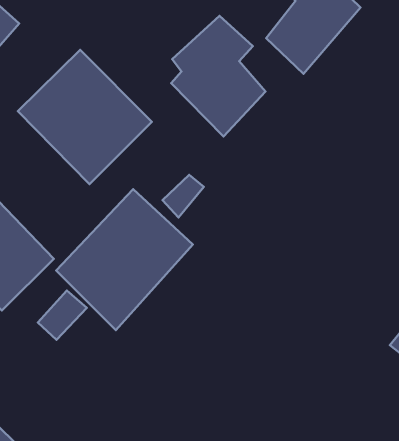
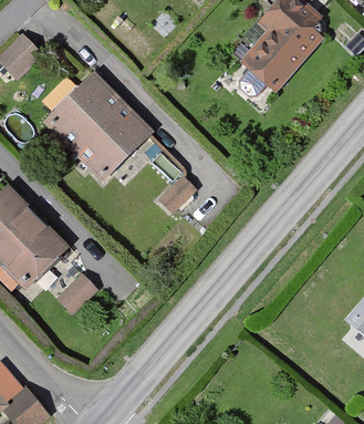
building: [171,16,266,136] -> none
building: [56,189,193,330] -> none

